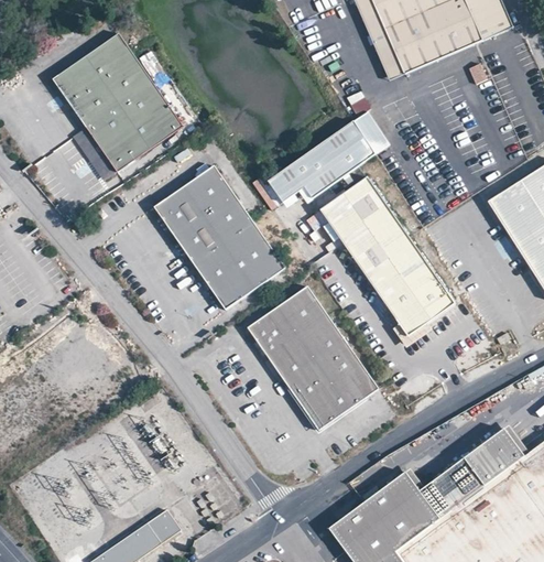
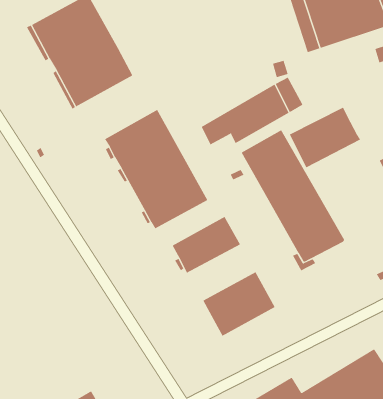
building: none -> [289,107,361,168]
building: [268,317,350,389] -> none

